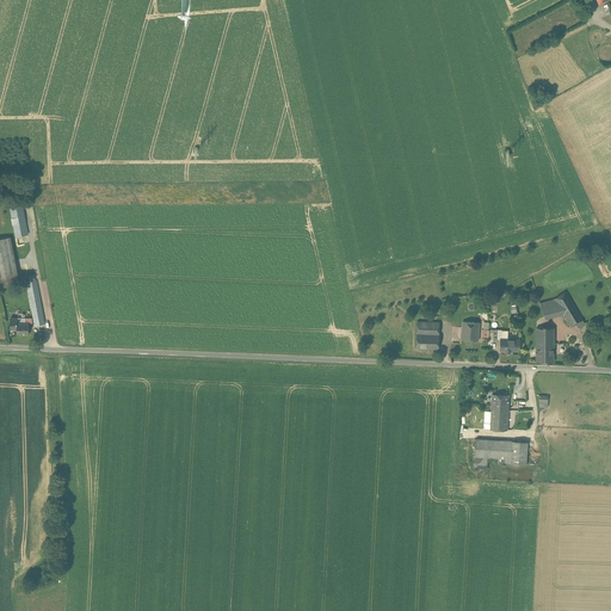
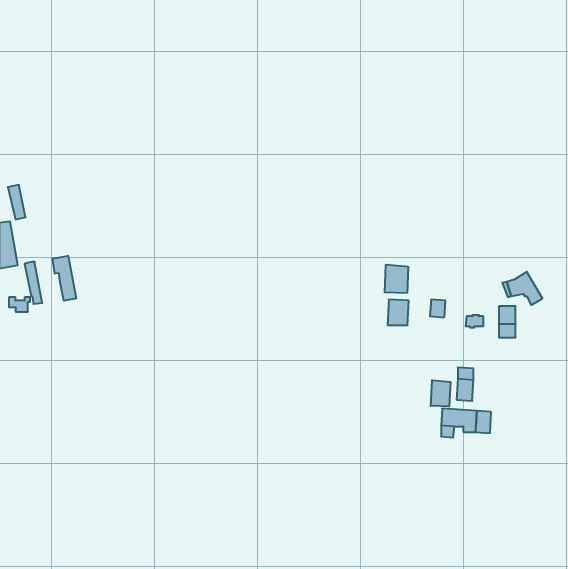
building: none -> [52,256,76,301]
building: none -> [385,265,408,293]
building: none -> [431,380,450,407]

